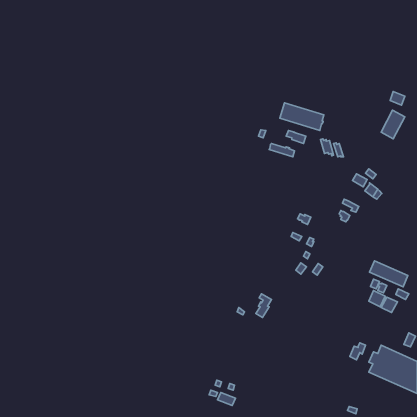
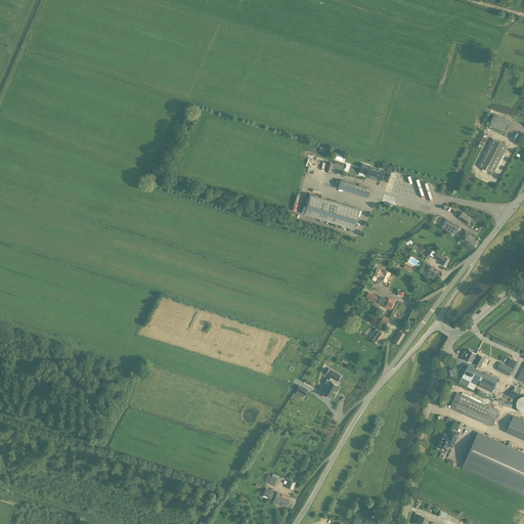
building: [280,103,324,130] -> [303,194,358,229]
building: [369,261,408,287] -> [449,393,497,426]

